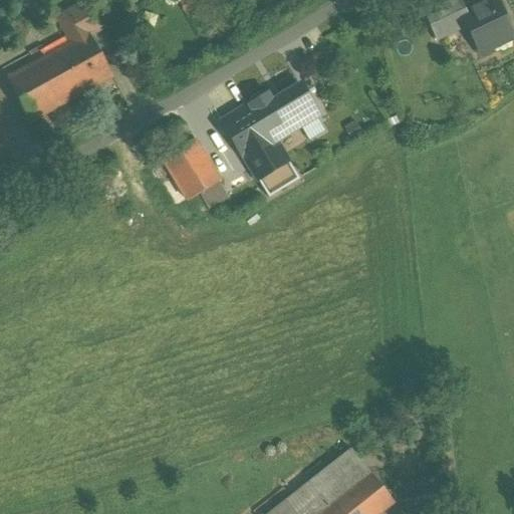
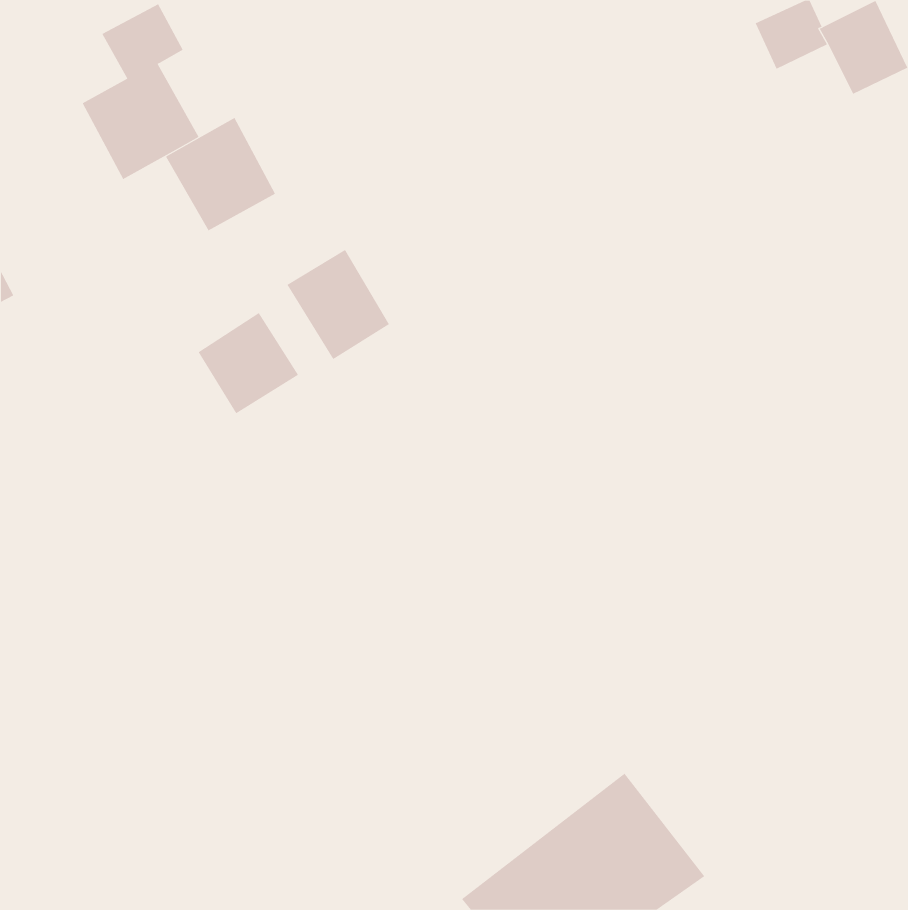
building: [8,58,70,122] -> [165,117,276,231]
building: [223,85,319,198] -> none
building: none -> [198,312,299,414]

